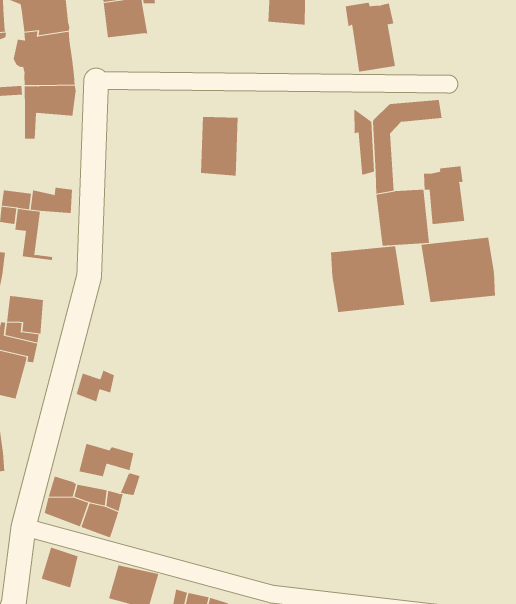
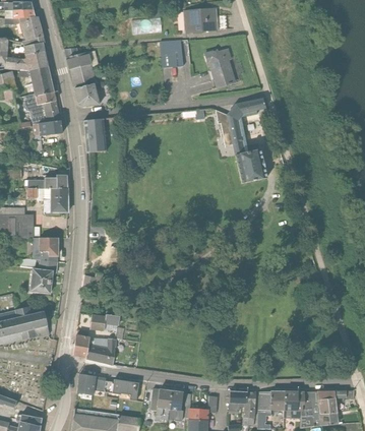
building: none -> [74,82,100,106]
building: [200,116,239,176] -> [83,118,107,151]
building: [423,166,465,225] -> none
building: none -> [50,187,68,212]
building: [421,237,496,303] -> none
building: [331,245,405,313] -> none

